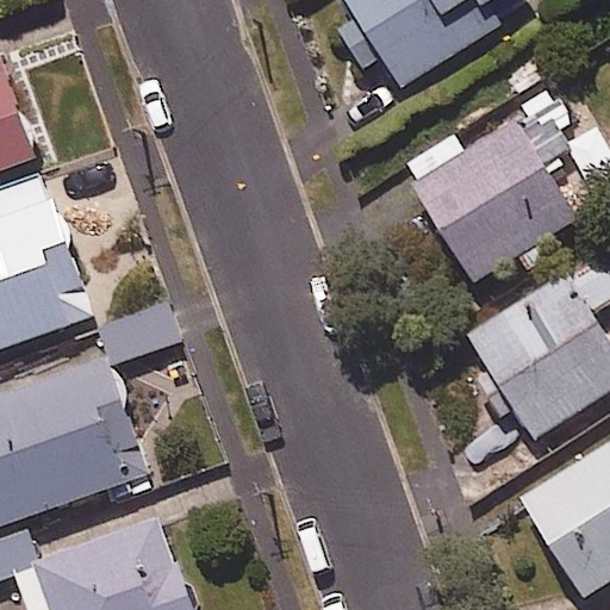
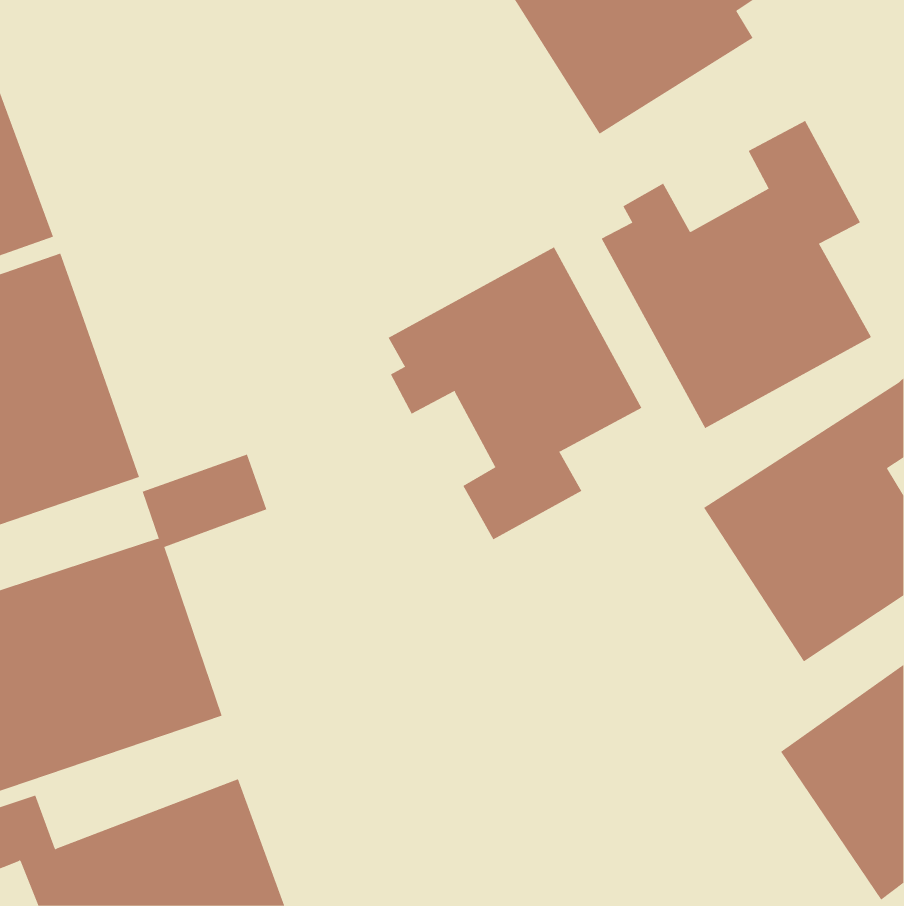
building: none -> [388,246,642,540]

